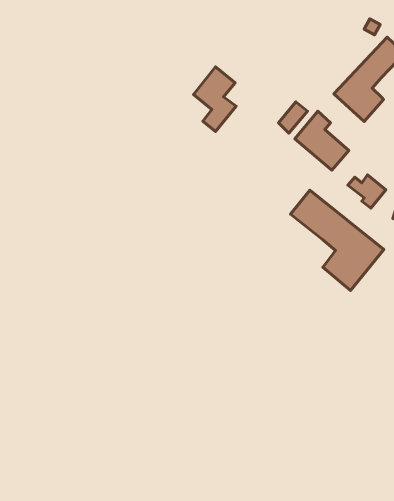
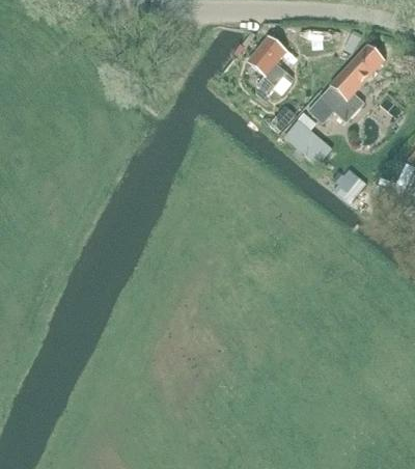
building: [193,67,236,131] -> [249,36,287,94]
building: [290,190,384,290] -> none

